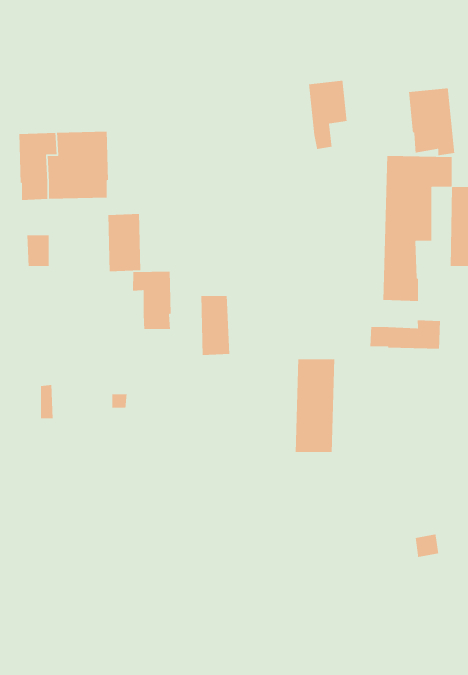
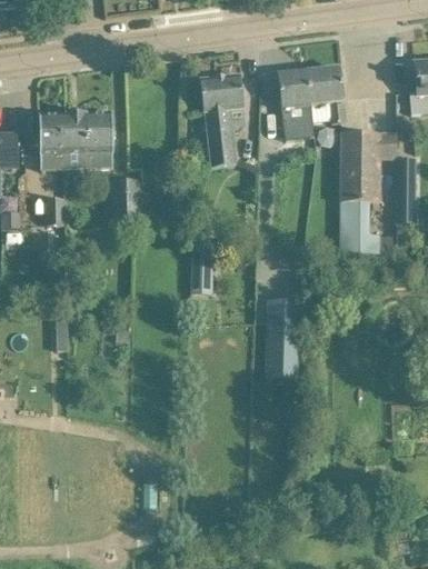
building: none -> [200,73,243,166]
building: [408,88,455,156] -> [307,66,346,122]
building: [132,271,171,330] -> none
building: [369,319,441,350] -> none

